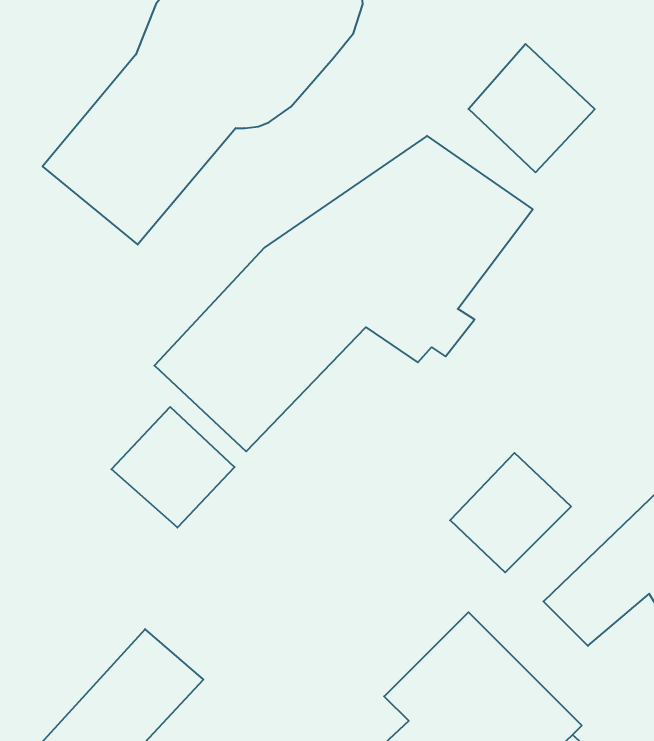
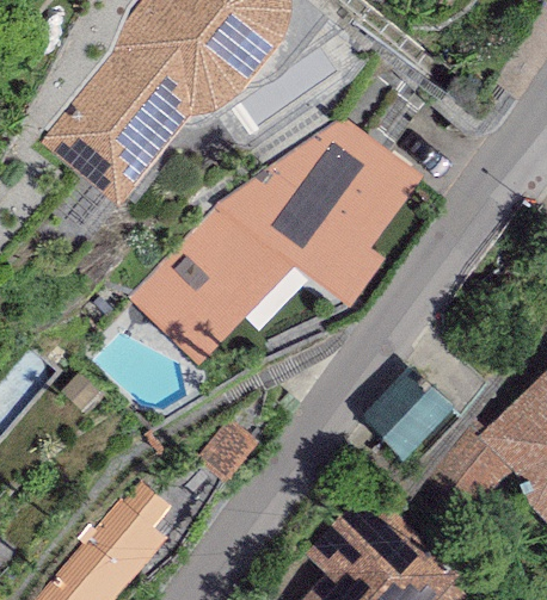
building: [468,44,595,172] -> none
building: [111,407,235,528] -> none

